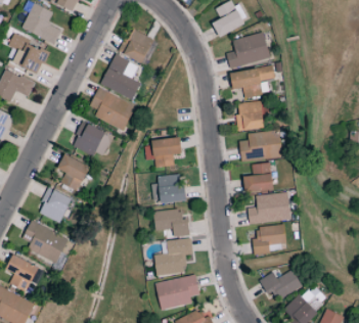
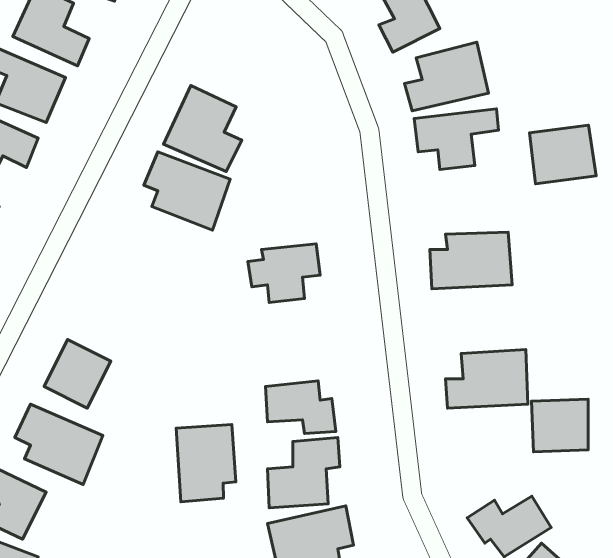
building: [119,28,154,63] -> none
building: [236,99,271,130] -> [530,125,596,184]
building: [71,121,113,155] -> none
building: [58,154,90,191] -> none
building: [243,163,273,192] -> none
building: [151,174,186,203] -> none
building: [255,225,284,252] -> [531,399,588,452]
building: none -> [176,425,236,502]

